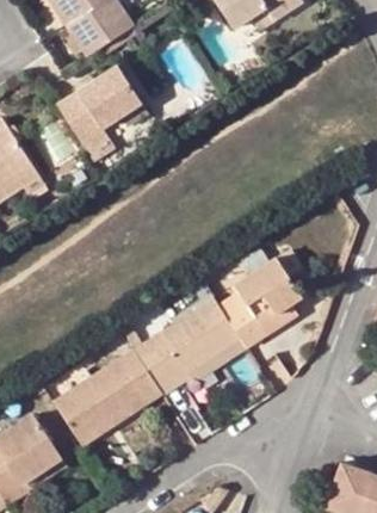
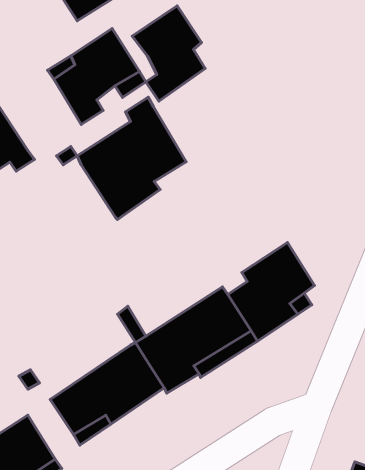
building: none -> [132,6,205,101]
building: none -> [77,97,186,220]

